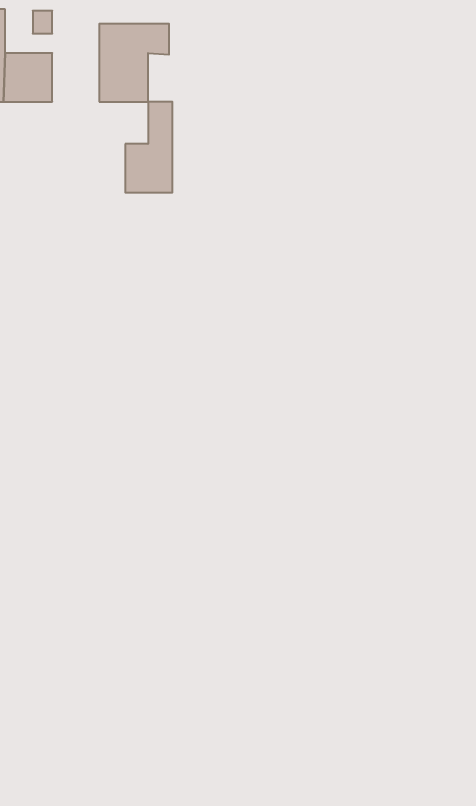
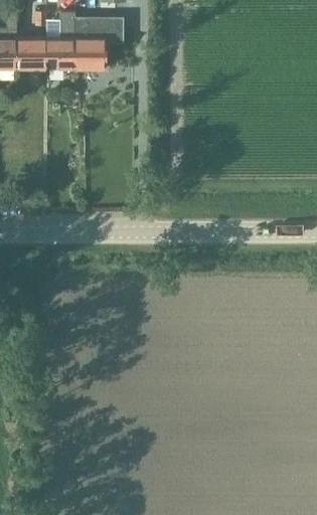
building: [125,102,172,193] -> [46,16,75,72]

